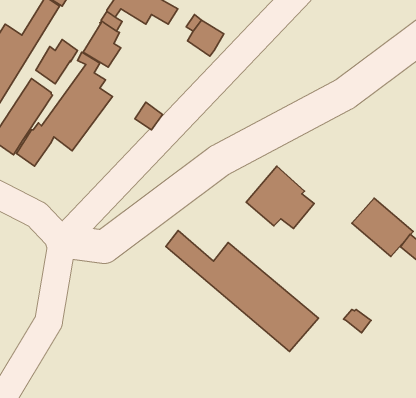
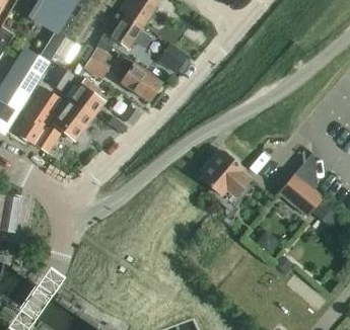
building: none -> [116,56,162,101]
building: [166,231,319,352] -> none

